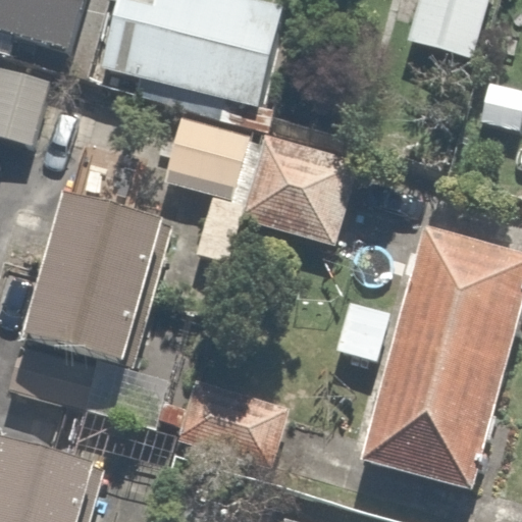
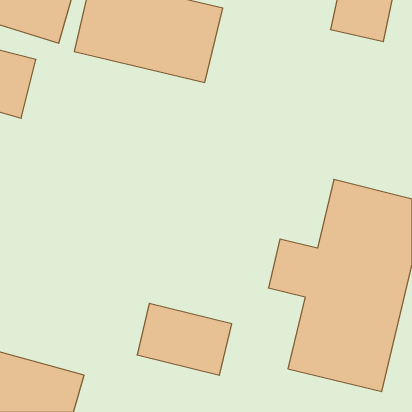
building: [163,116,360,265] -> none
building: [20,195,175,375] -> none

